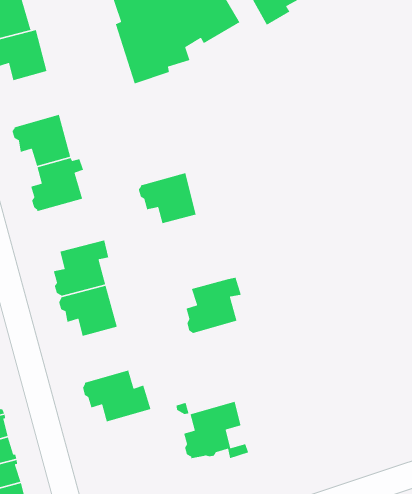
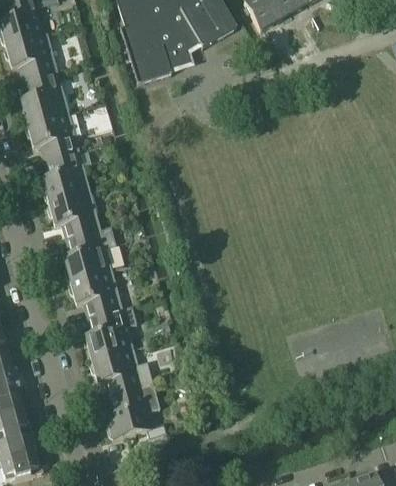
building: none -> [19,71,68,122]
building: [138,172,207,224] -> [46,189,110,237]
building: [185,277,242,334] -> [84,305,136,358]
building: [183,401,249,459] -> [105,383,166,437]

